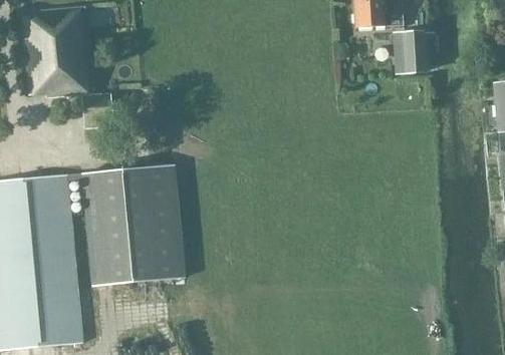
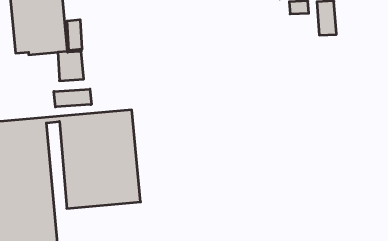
building: none -> [67,20,82,51]
building: none -> [54,89,91,107]

